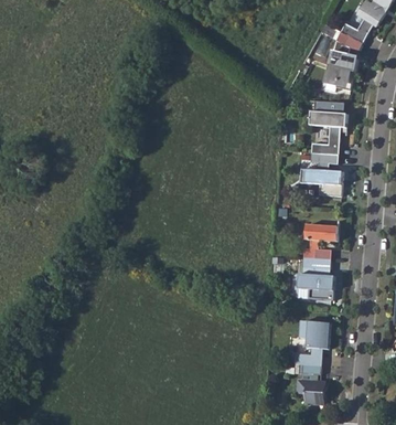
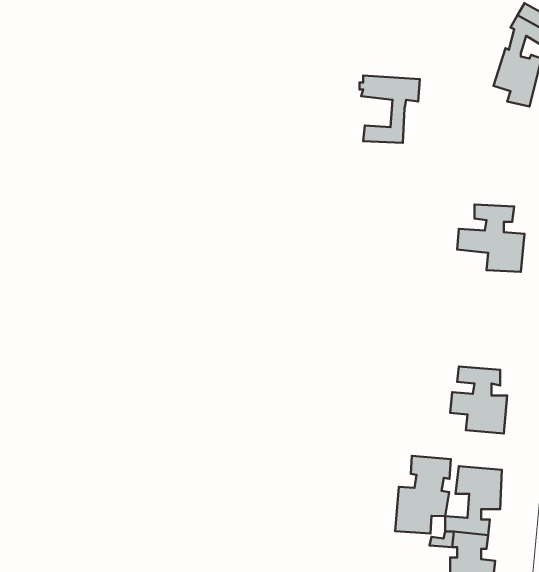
building: [311,110,350,153] -> [360,76,420,143]
building: [303,223,339,258] -> none
building: none -> [395,456,451,533]

